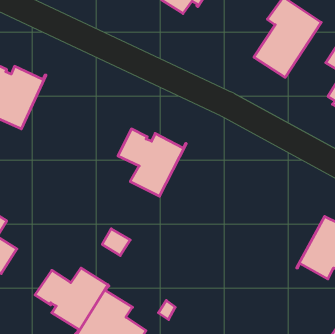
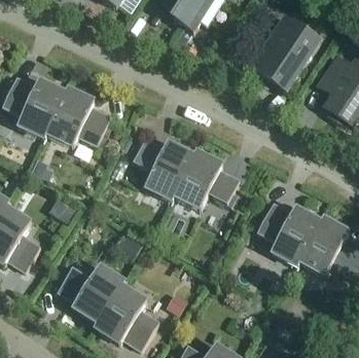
building: none -> [44,87,111,145]
building: none -> [171,150,239,208]
building: none -> [257,202,322,264]

